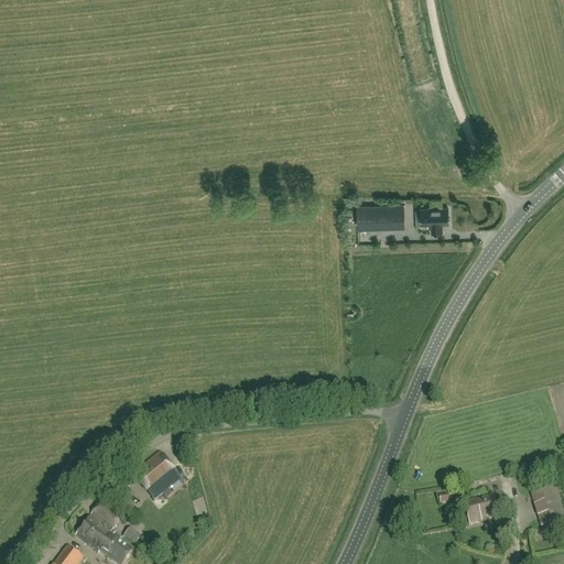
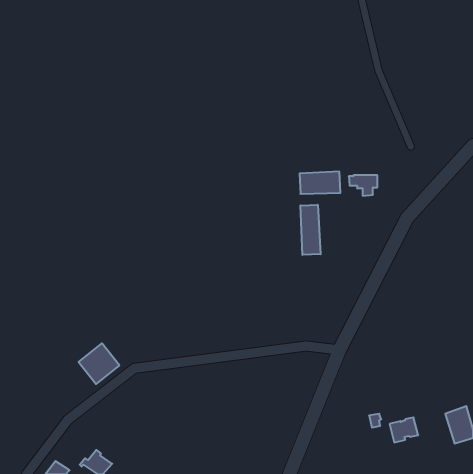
building: none -> [300,205,321,255]
building: [132,453,181,501] -> [79,343,119,384]
building: [74,502,121,552] -> none

